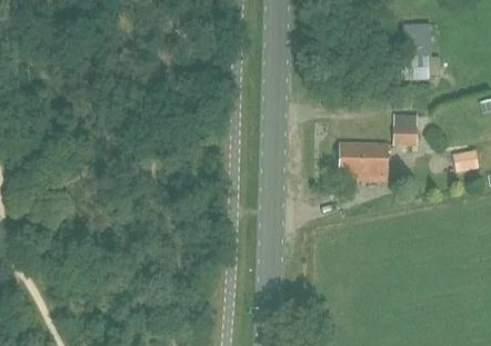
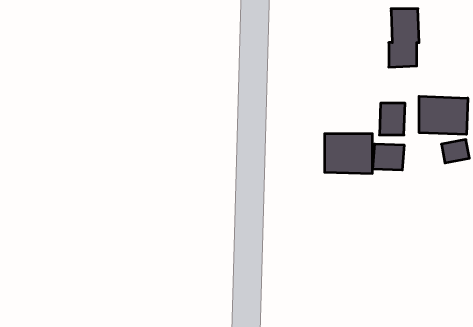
building: none -> [419,96,468,134]
building: none -> [373,144,404,170]

